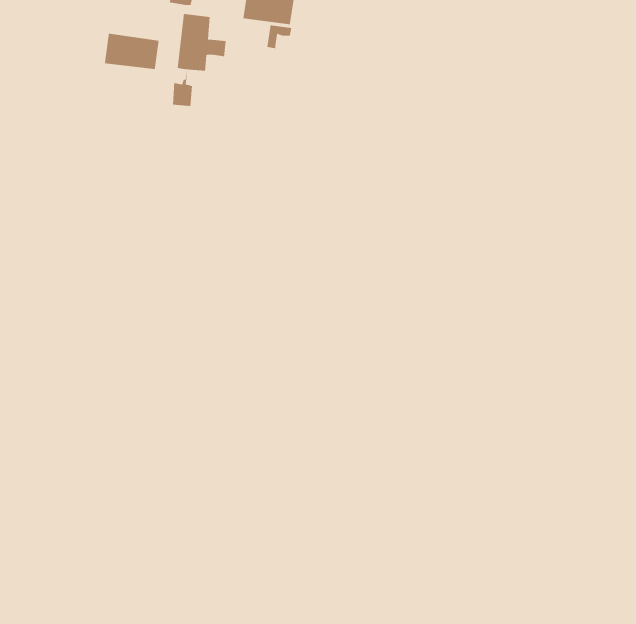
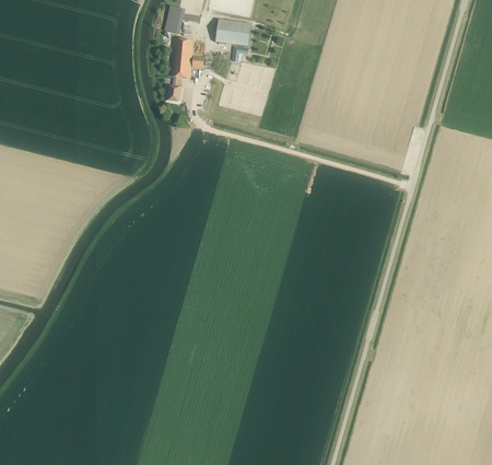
building: [104,33,159,70] -> none

